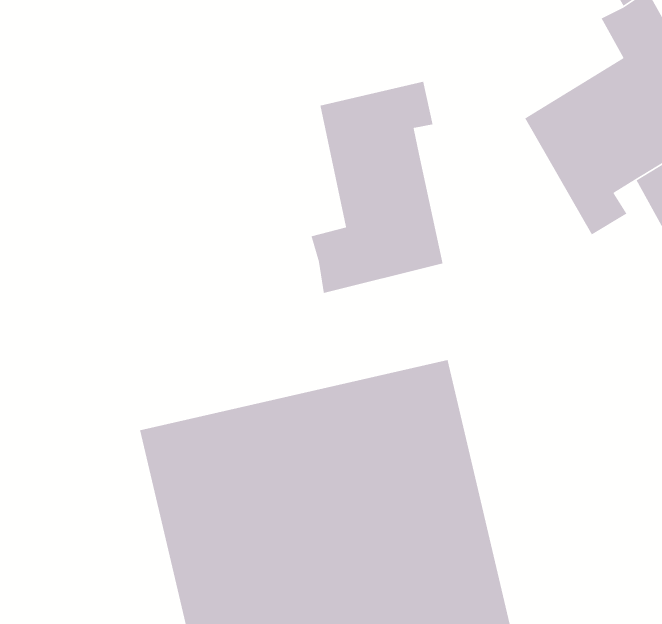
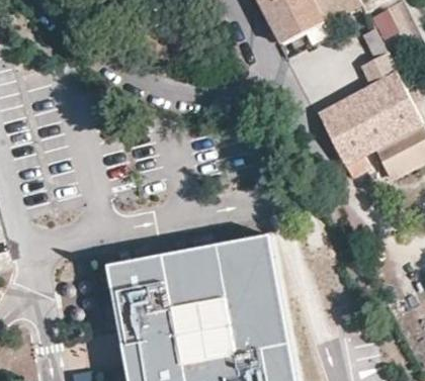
building: [310,81,443,294] -> none

